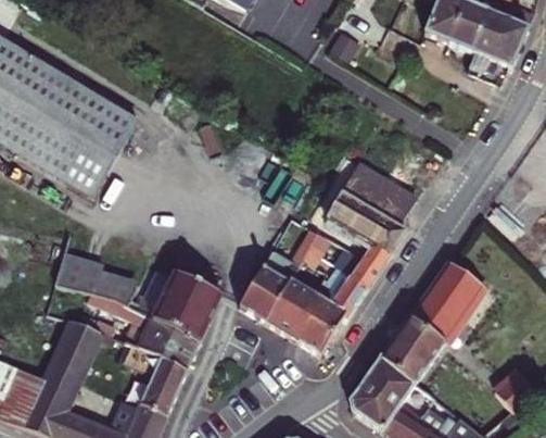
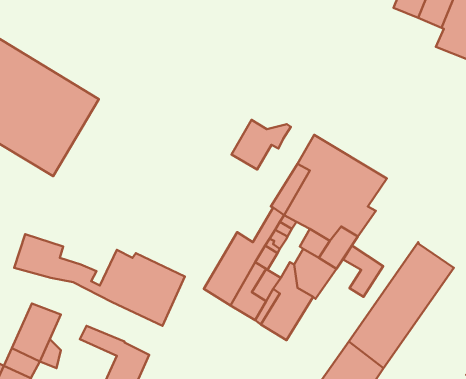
building: none -> [231,120,291,170]
building: none -> [343,245,383,297]
building: [88,295,200,370] -> none

